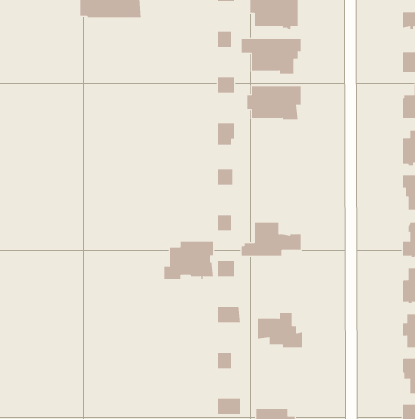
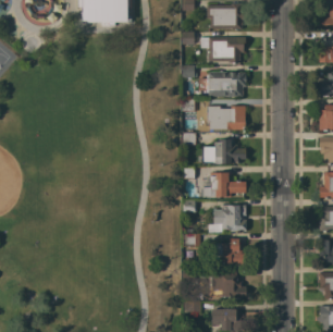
building: none -> [207,106,246,130]
building: none -> [215,139,246,163]
building: [163,241,214,280] -> [210,205,247,233]
building: none -> [213,268,247,298]

